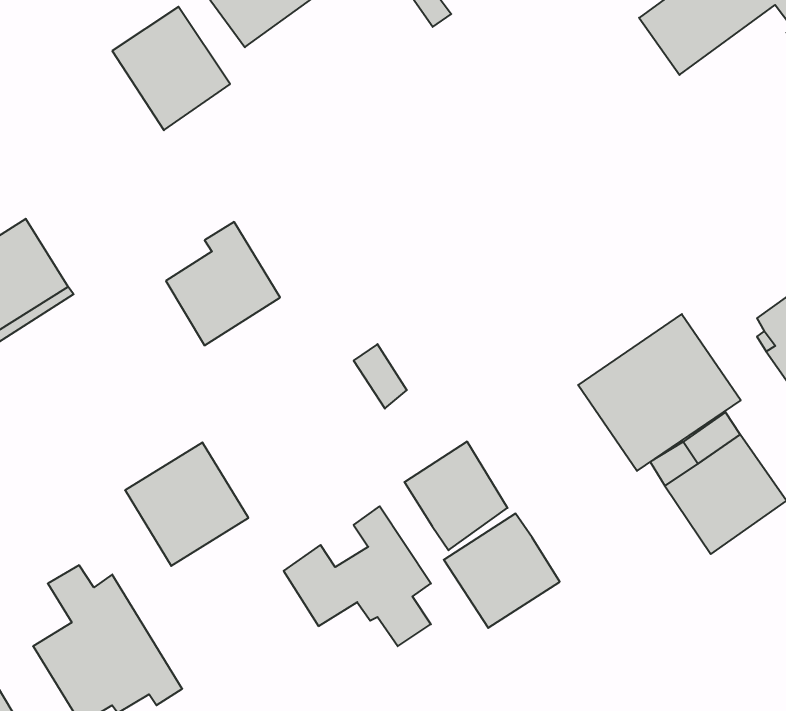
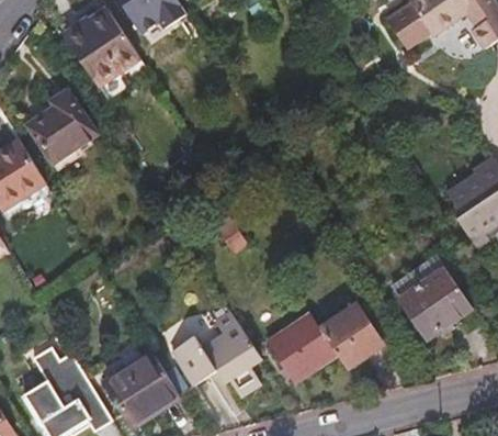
building: [166,222,280,345] -> [27,89,95,163]
building: [578,314,741,471] -> none
building: [404,442,508,550] -> [319,305,381,370]
building: [125,442,248,566] -> [105,354,179,427]

